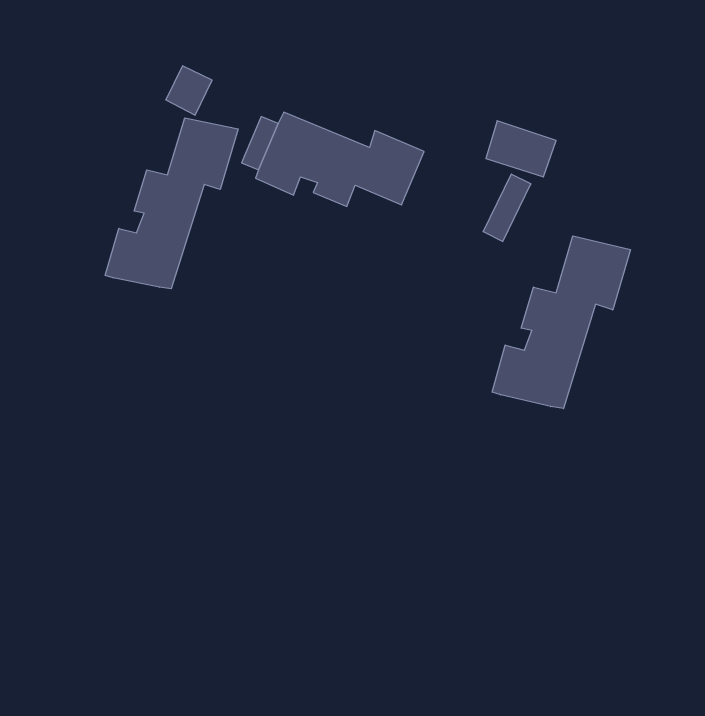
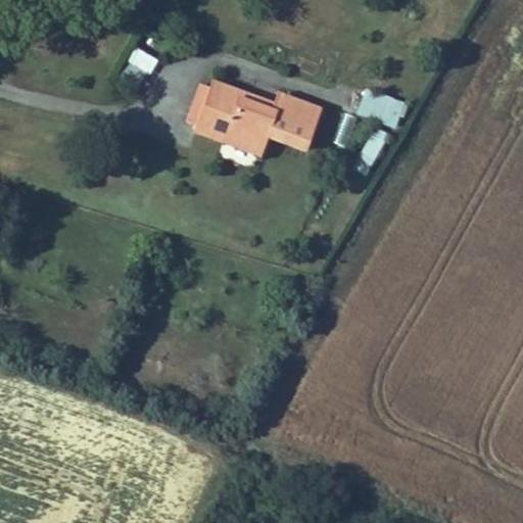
building: [105,118,238,289] -> none
building: [492,236,630,409] -> none

